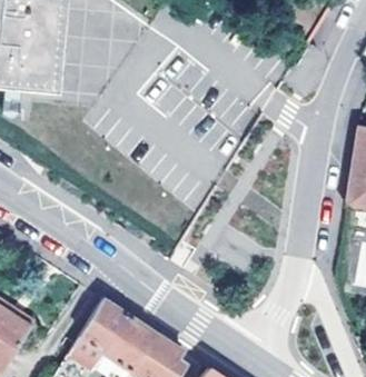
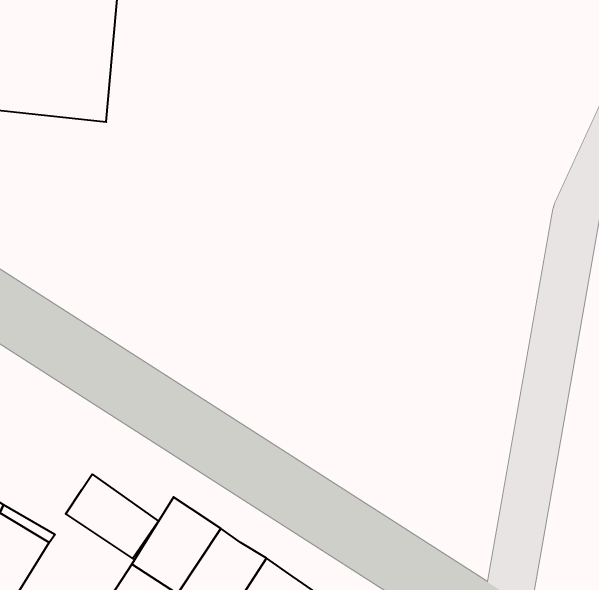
building: none -> [66,474,159,559]

